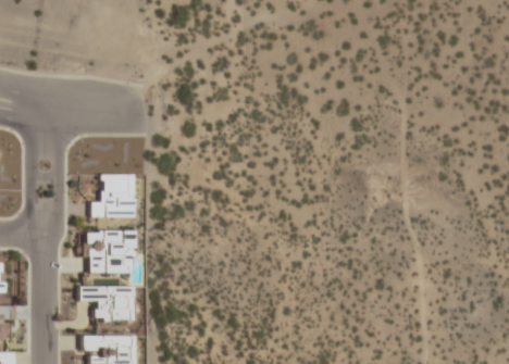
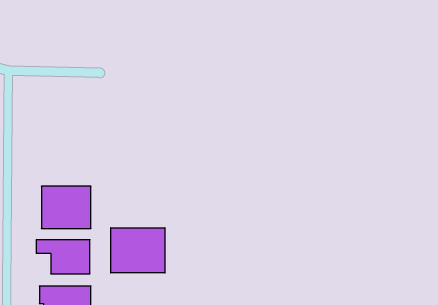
building: [91,174,135,217] -> none
building: none -> [111,228,165,273]

